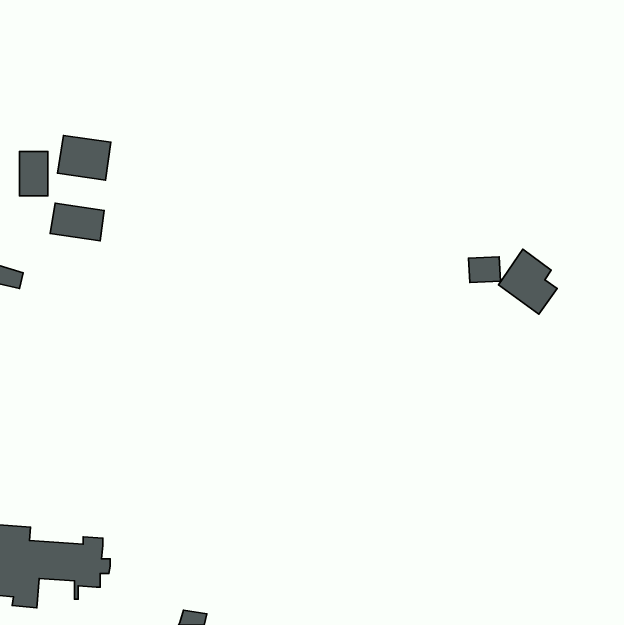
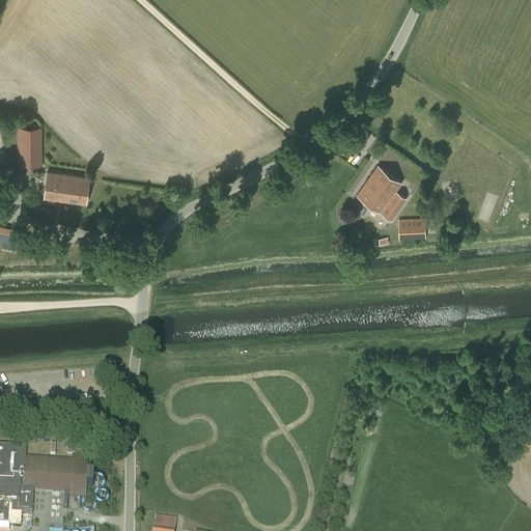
building: [57,136,111,180] -> none
building: [498,249,557,314] -> [356,165,406,220]

